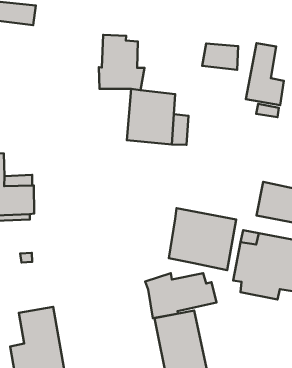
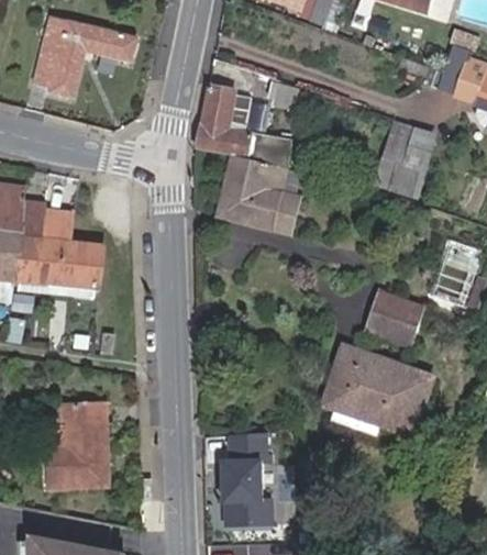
building: [202,43,238,70] -> [246,131,294,168]
building: [169,208,236,270] -> none
building: [145,273,216,318] -> none

